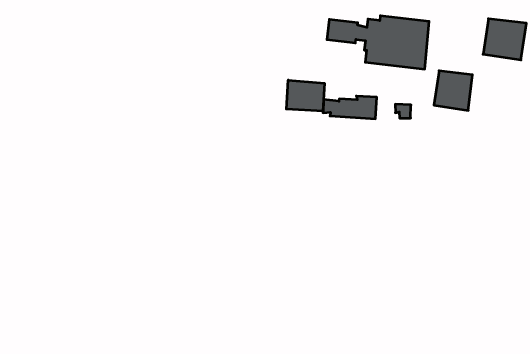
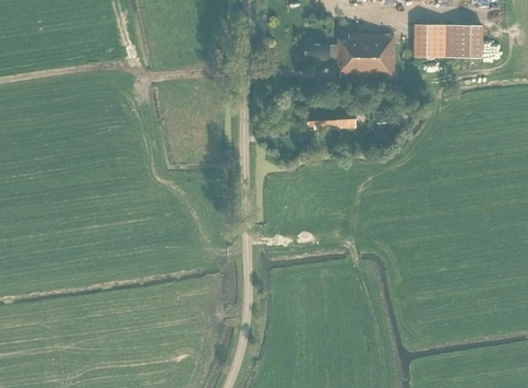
building: [434,71,472,110] -> [415,25,446,58]
building: [286,80,324,111] -> none

